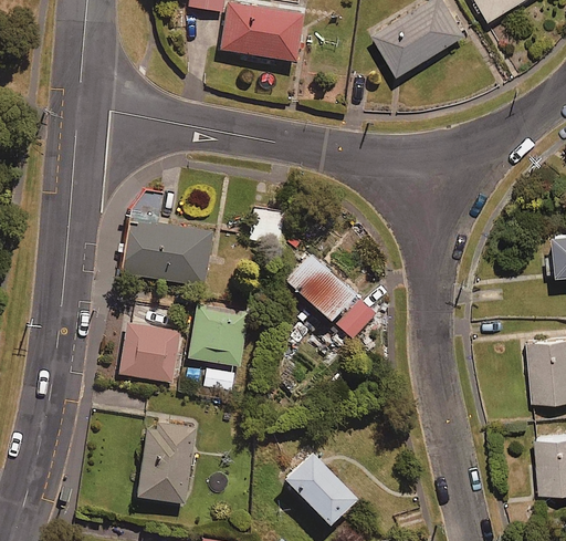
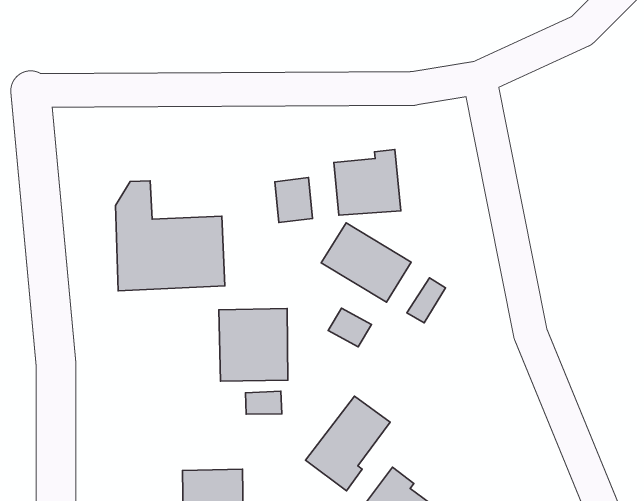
building: none -> [334,149,401,215]
building: [118,305,185,384] -> none
building: none -> [305,396,390,491]

